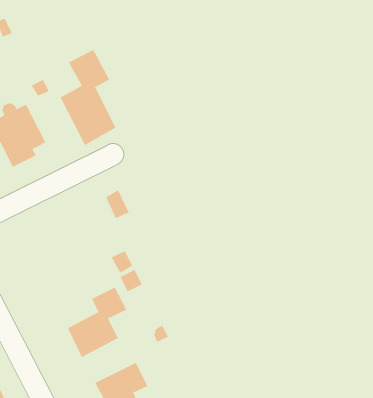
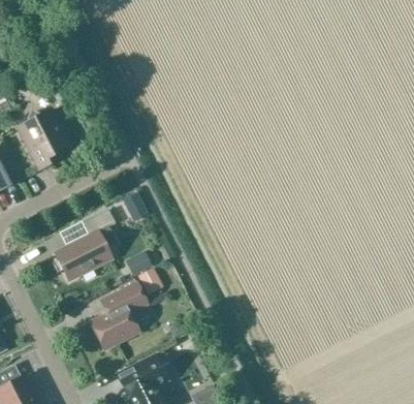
building: [60,49,116,146] -> none
building: none -> [53,211,114,281]

